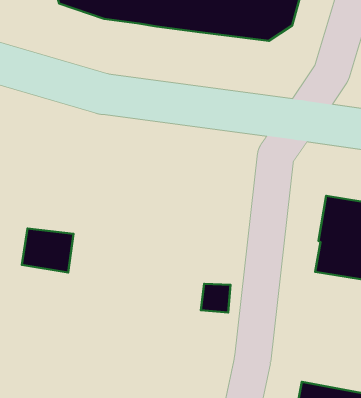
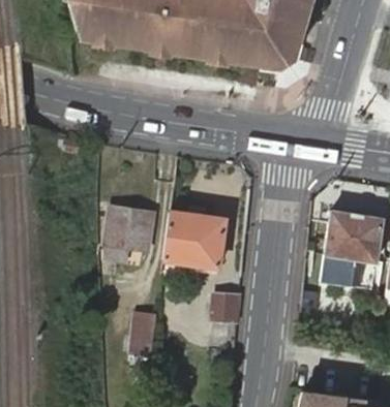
building: none -> [163,212,226,265]
building: [22,228,74,272] -> [106,209,154,250]
building: none -> [129,313,156,354]

